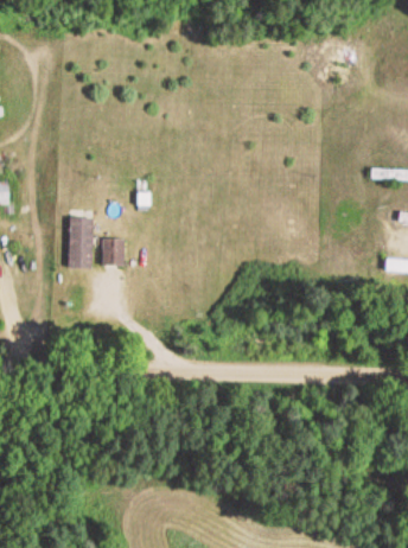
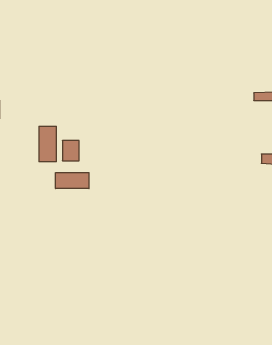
building: none -> [56,173,89,189]

